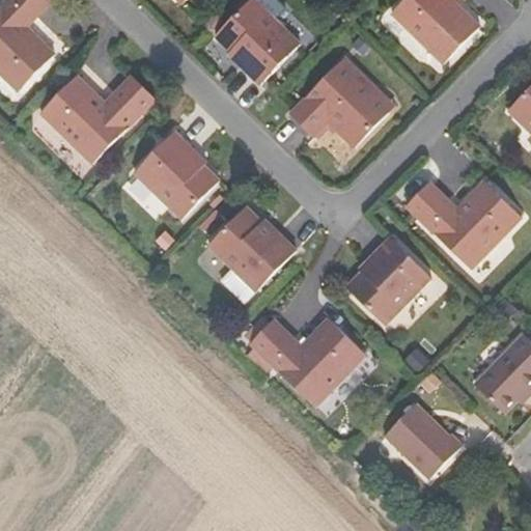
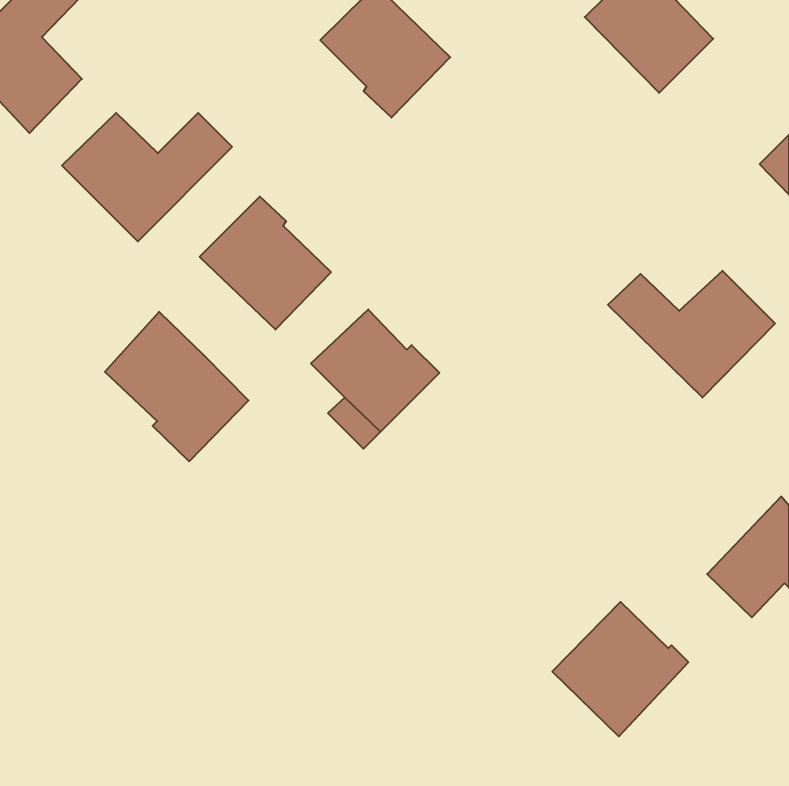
building: [294,57,394,142] -> none
building: none -> [105,312,249,461]
building: [347,237,429,324] -> none
building: [250,318,365,406] -> none

